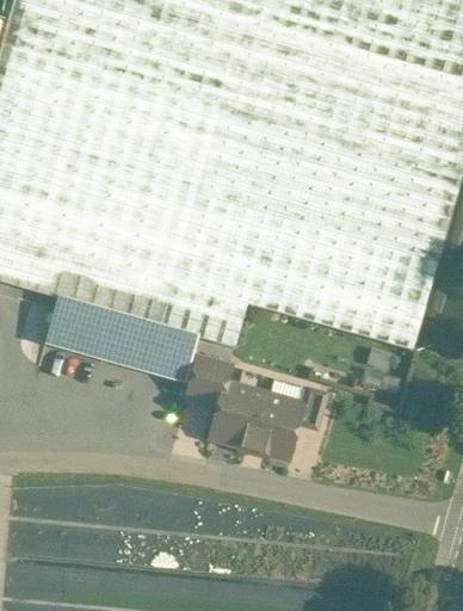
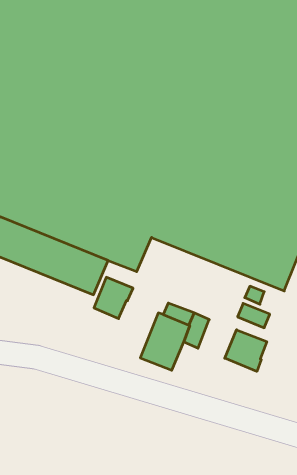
building: [210,382,265,449] -> none
building: none -> [225,330,267,371]

